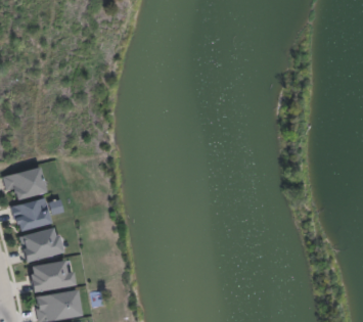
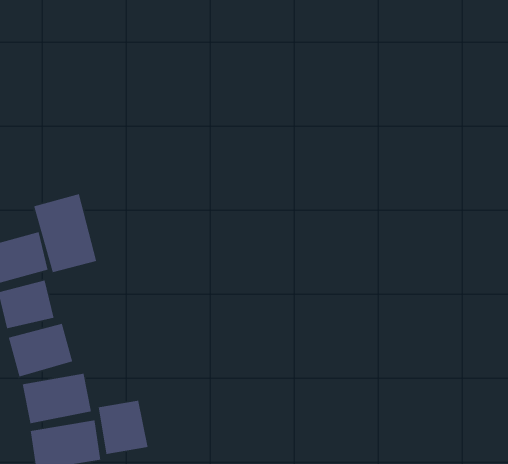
building: none -> [33,193,97,273]
building: none -> [98,400,148,455]

